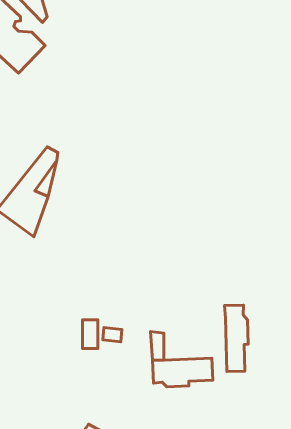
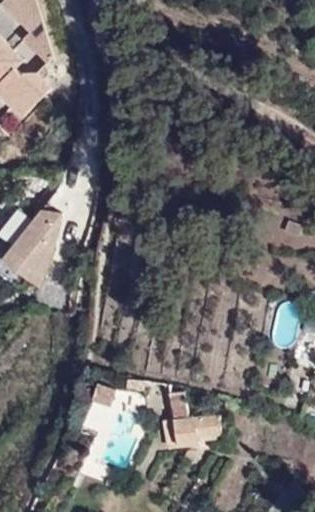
building: [225,305,248,371] -> none

